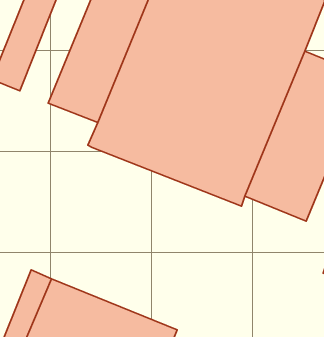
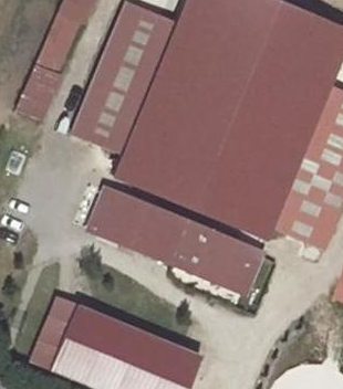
building: none -> [90,188,258,288]

